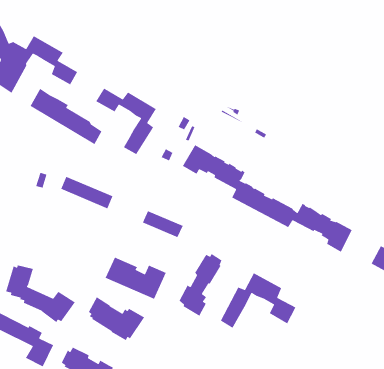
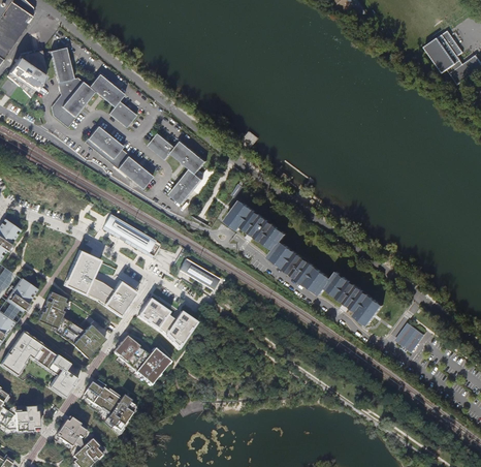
building: none -> [63,249,135,311]
building: [178,253,222,316] -> none
building: [220,272,297,329] -> none

